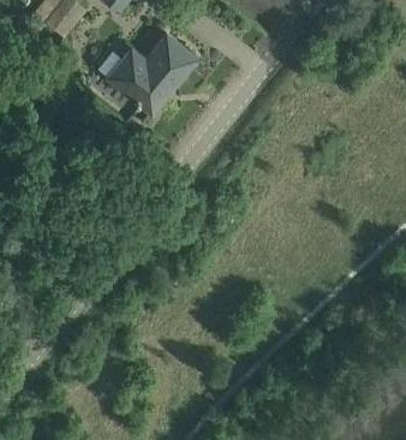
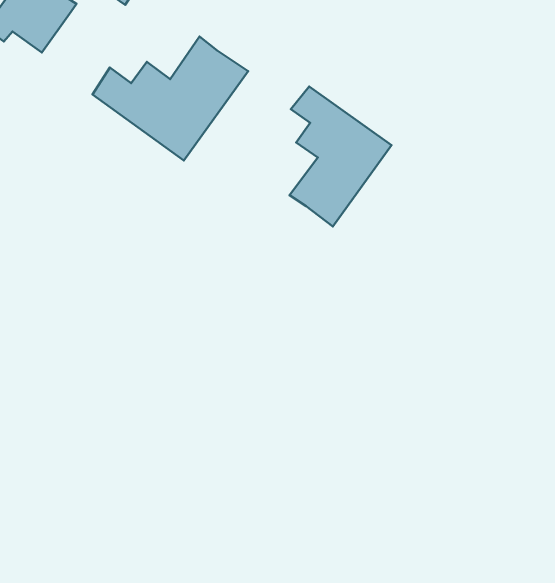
building: none -> [289,86,391,227]

